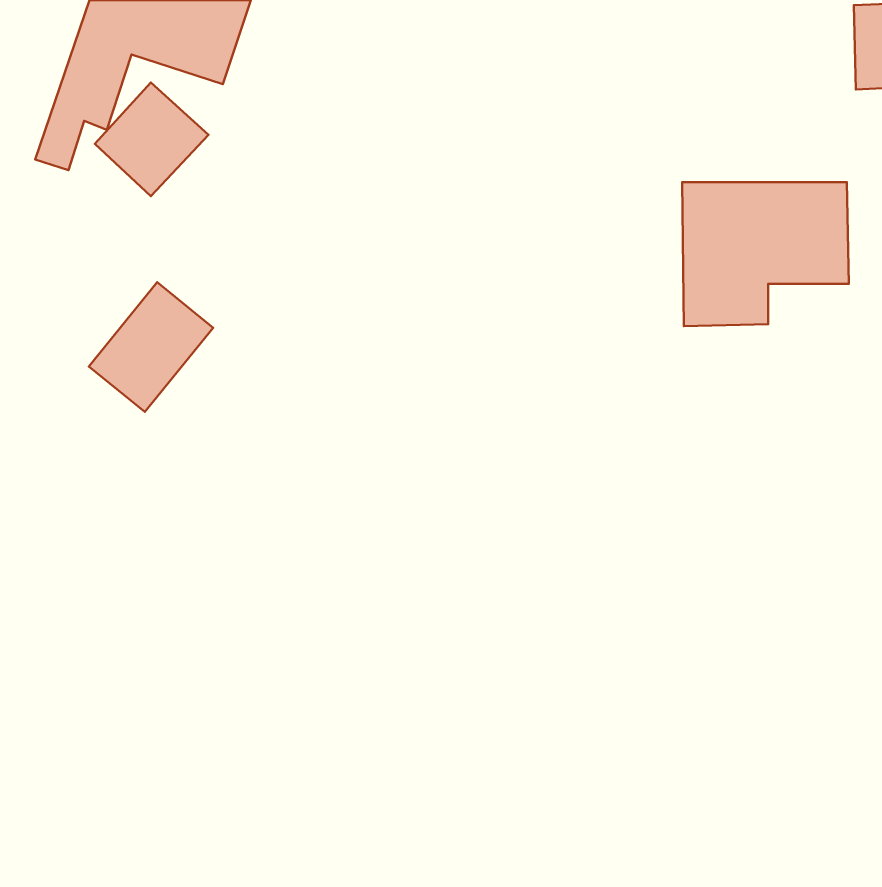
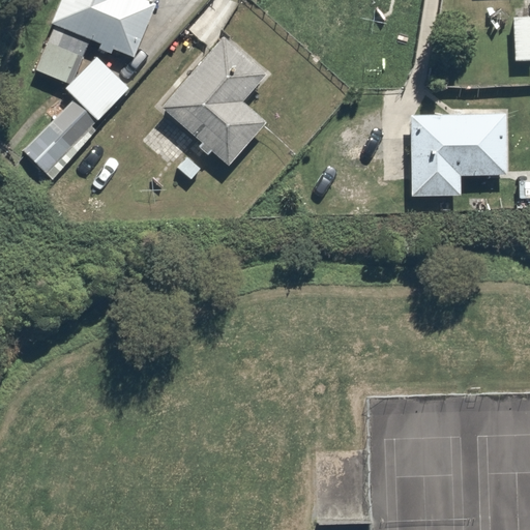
building: none -> [159,36,266,163]
building: [89,282,213,412] -> [27,102,100,179]

